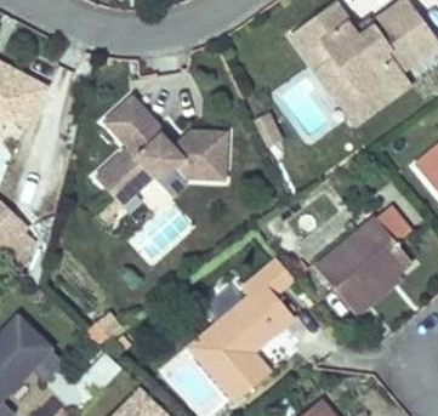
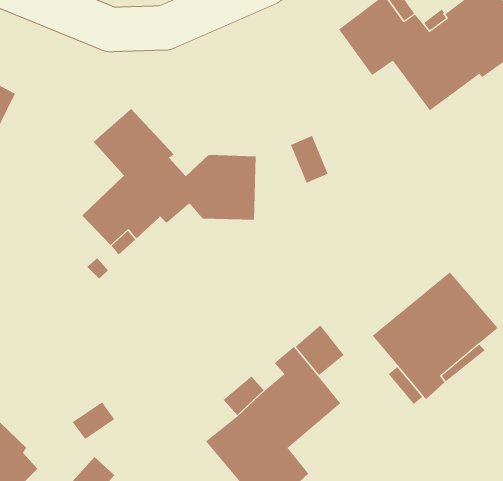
building: [315,58,409,122] -> none

